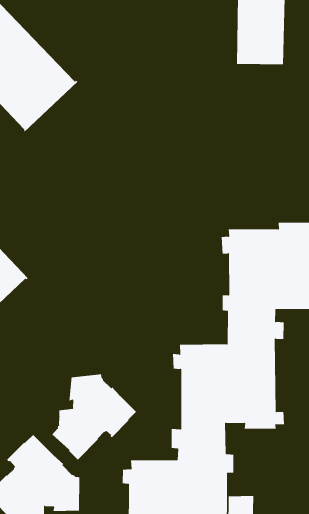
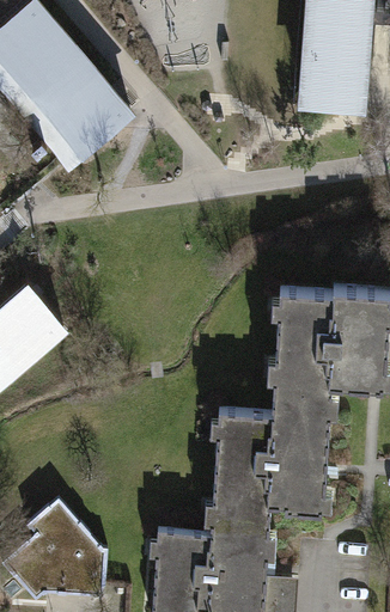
building: [52,373,137,460] -> none

